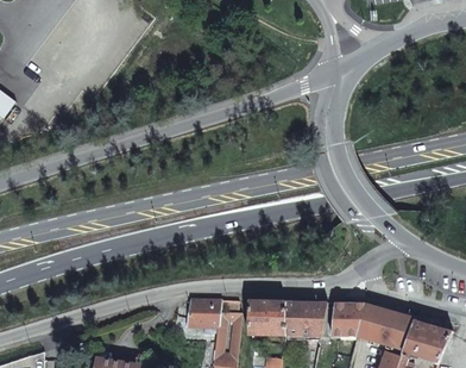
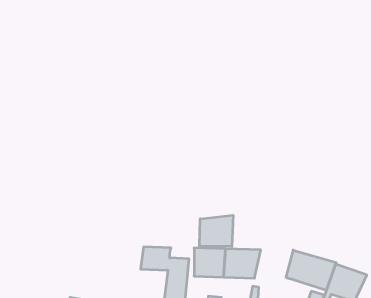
building: none -> [199,215,233,246]
building: [330,301,365,333] -> none

